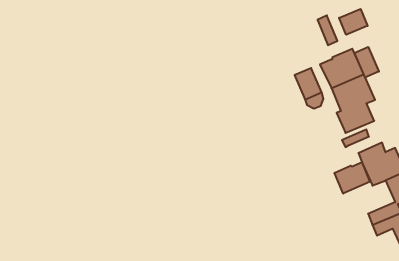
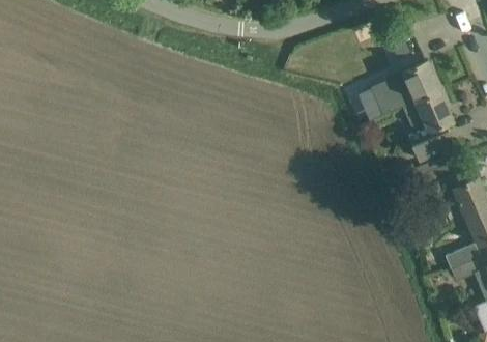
building: [339,9,368,35] -> none
building: [355,47,379,78] -> none
building: [334,162,370,194] -> none

